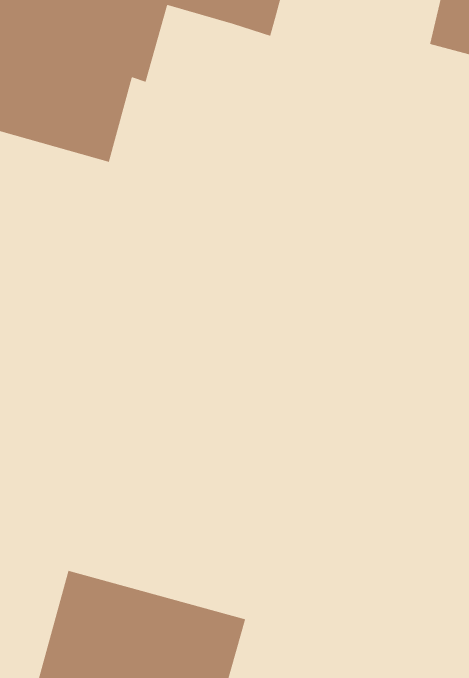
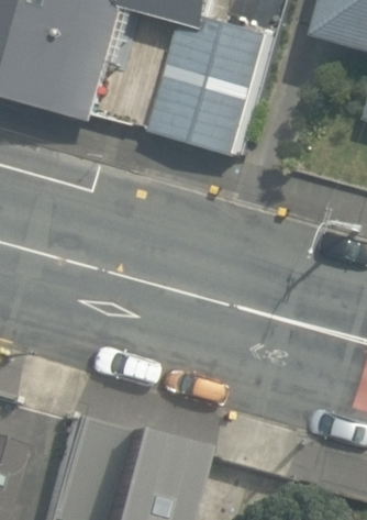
building: none -> [151,16,274,156]

